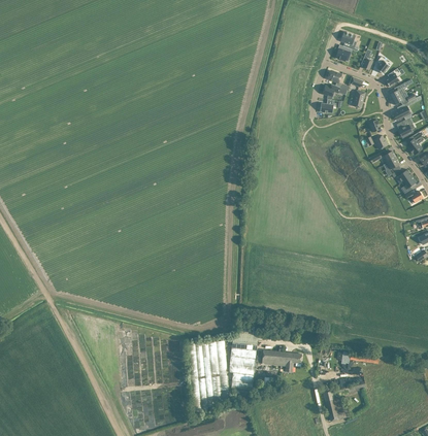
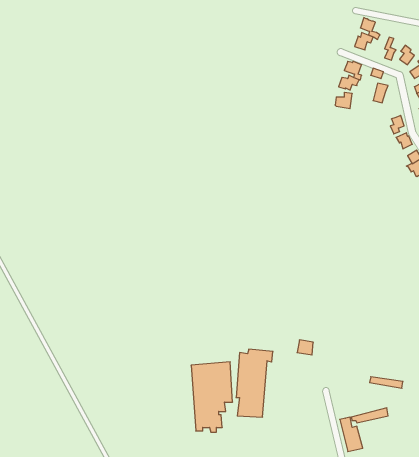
building: [261,350,301,372] -> none

